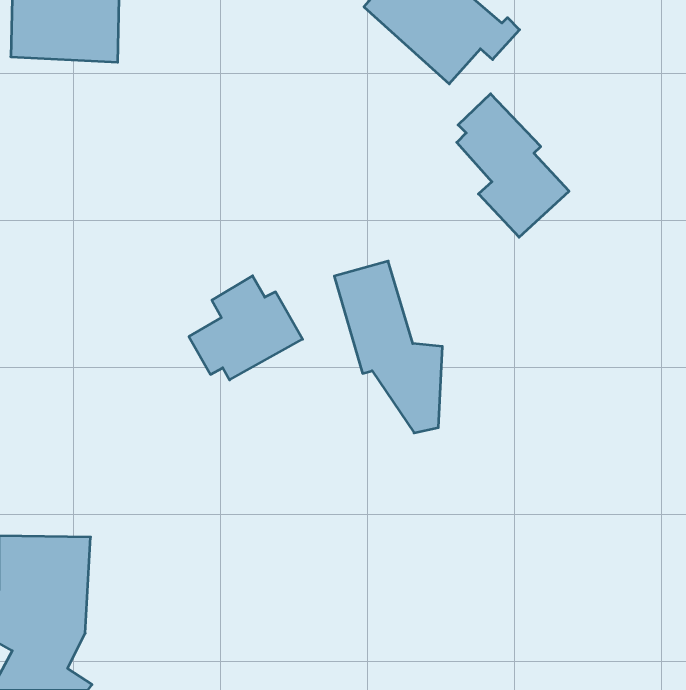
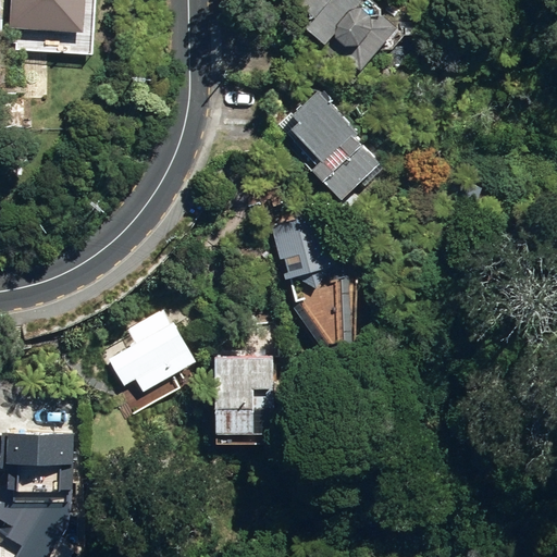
building: [457,94,569,237] -> [290,88,381,203]
building: [189,276,303,380] -> [102,308,194,392]
building: none -> [212,356,270,432]

